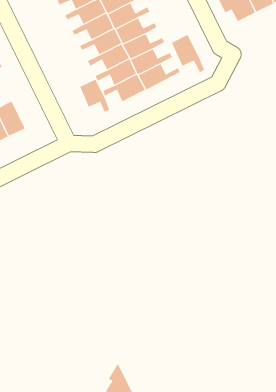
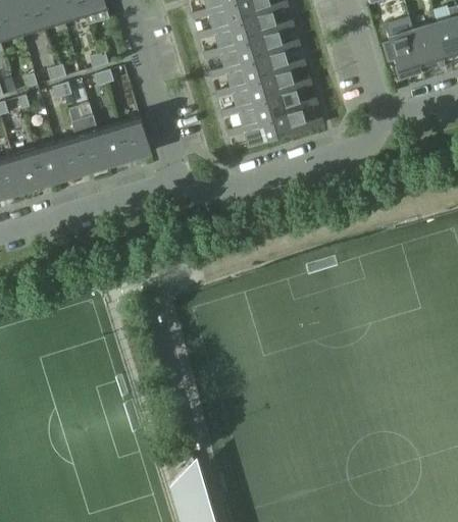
building: [171,34,205,73] -> none
building: [79,79,110,112] -> none
building: none -> [119,116,151,158]

